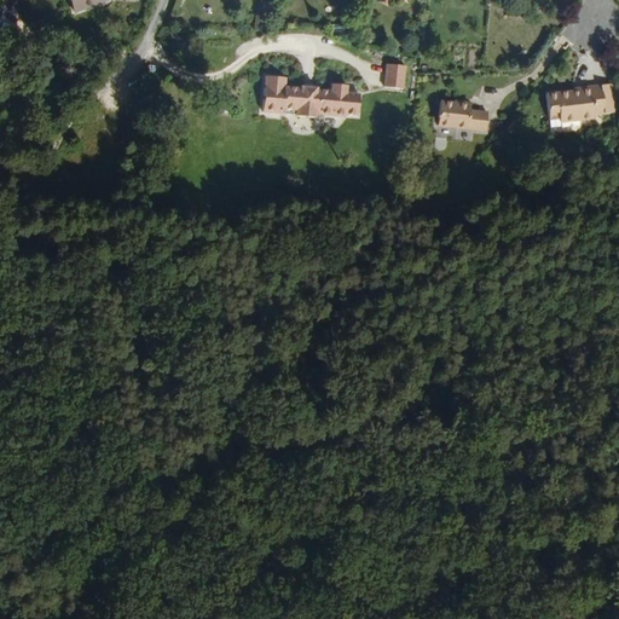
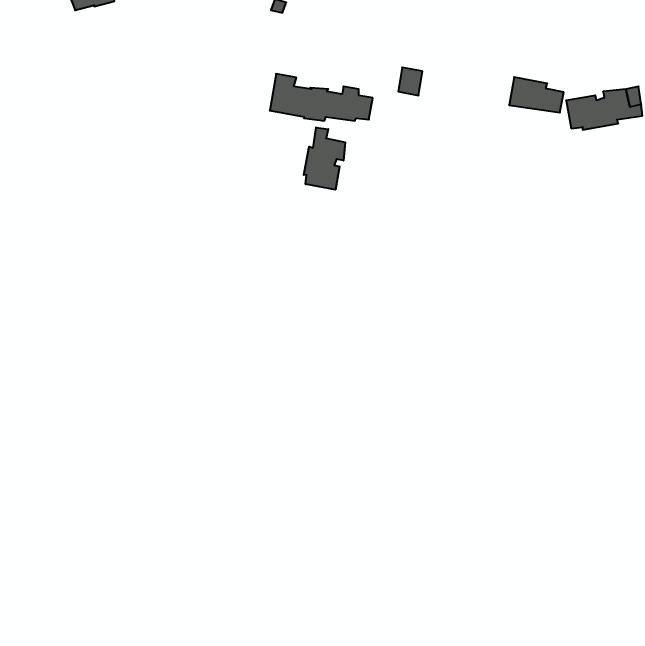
building: [435,97,487,131] -> [509,77,564,113]
building: none -> [304,127,345,190]

